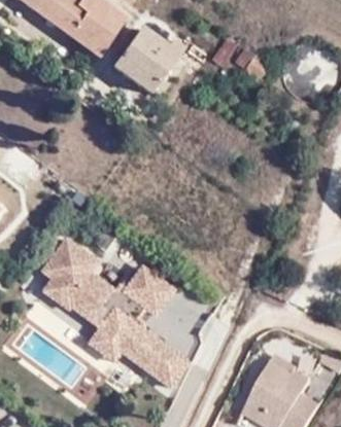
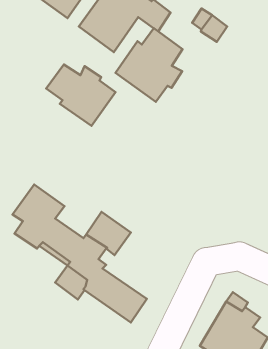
building: none -> [116,28,183,102]
building: none -> [46,64,116,126]

